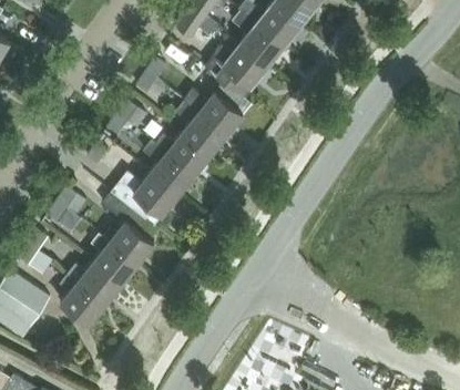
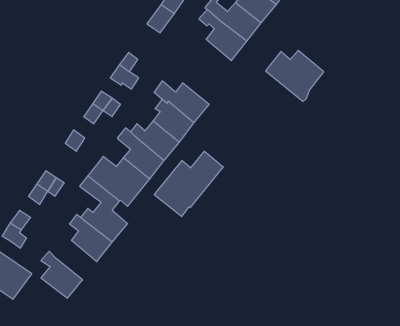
building: [204,44,267,100] -> [266,50,324,101]
building: none -> [154,151,223,217]
building: [69,263,121,306] -> none

